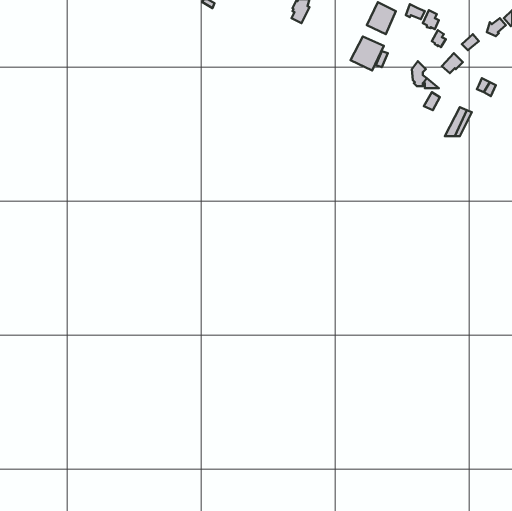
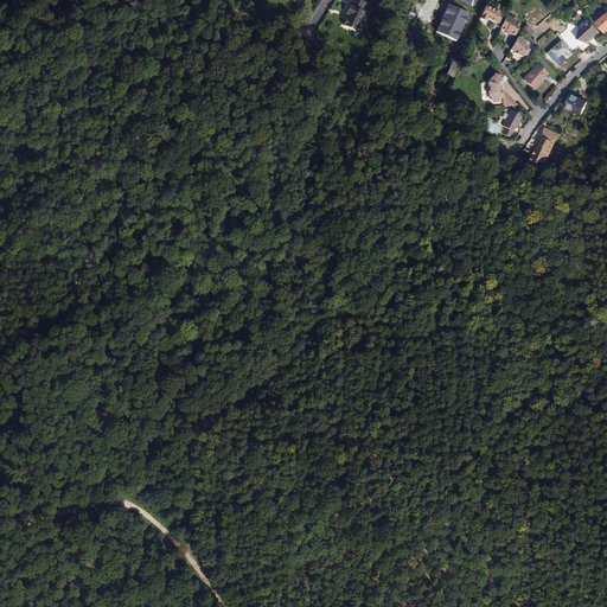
building: [351,36,384,71] -> none

